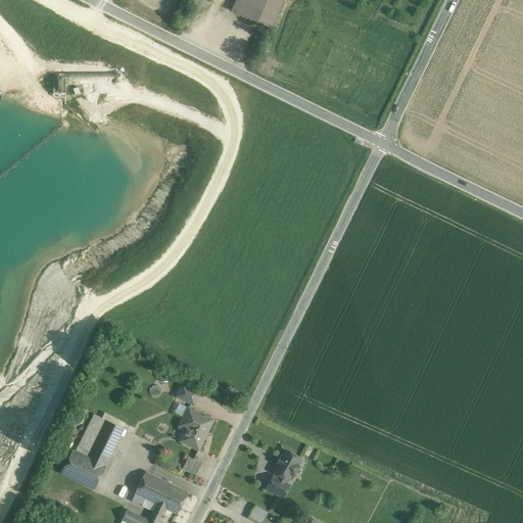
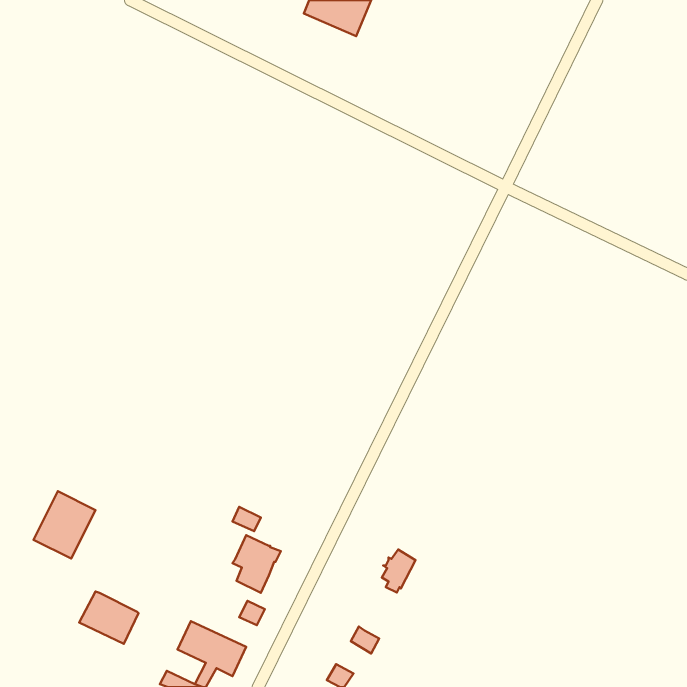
building: [76,414,123,465] -> [34,491,95,559]
building: [274,450,299,483] -> [382,549,416,592]

